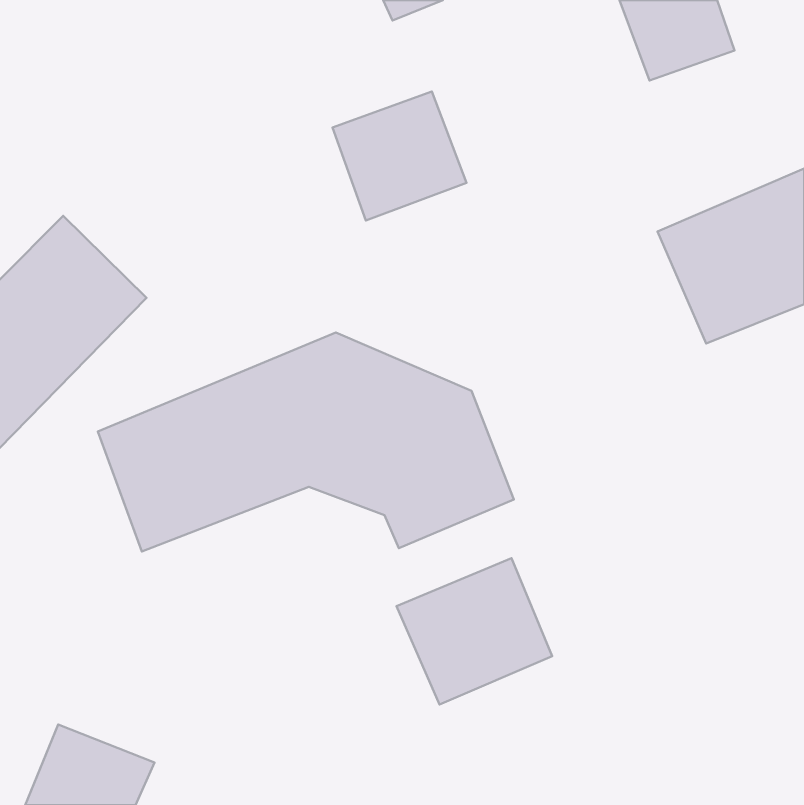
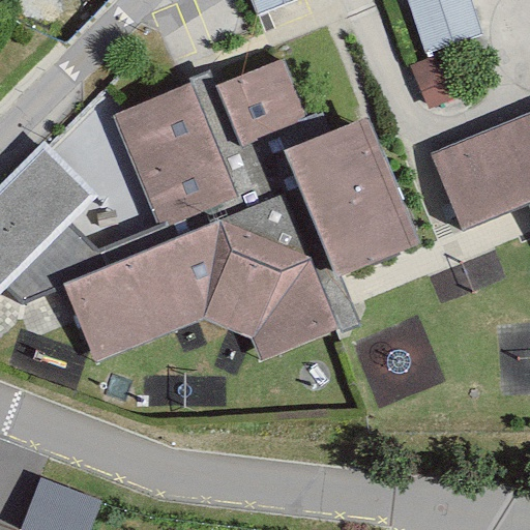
building: none -> [112,83,237,229]
building: none -> [286,116,418,276]
building: [396,558,552,704] -> none

